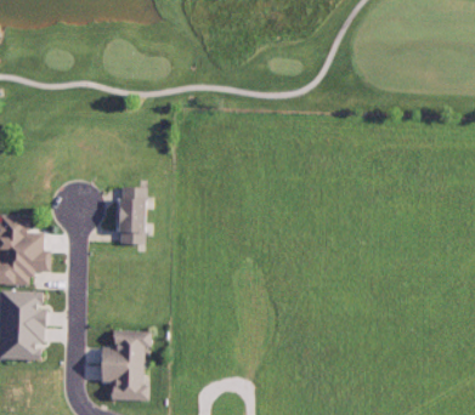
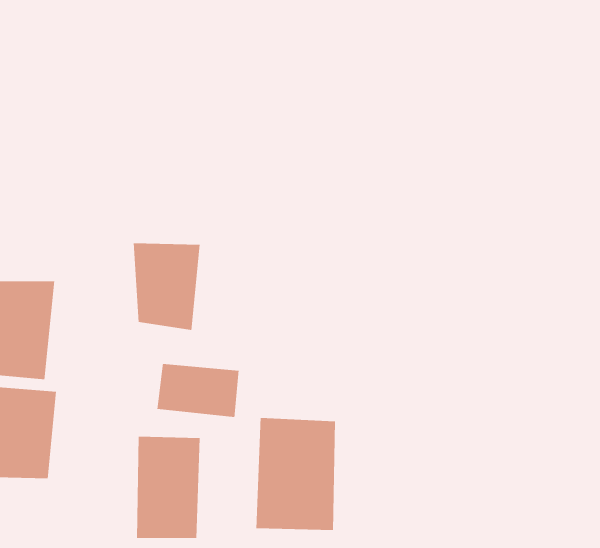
building: none -> [157,363,239,418]
building: none -> [256,417,336,531]

